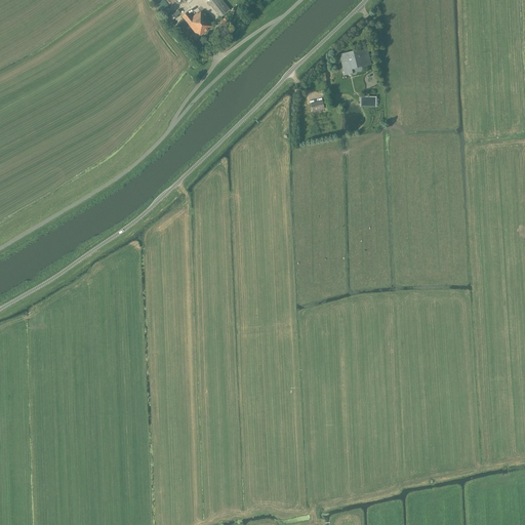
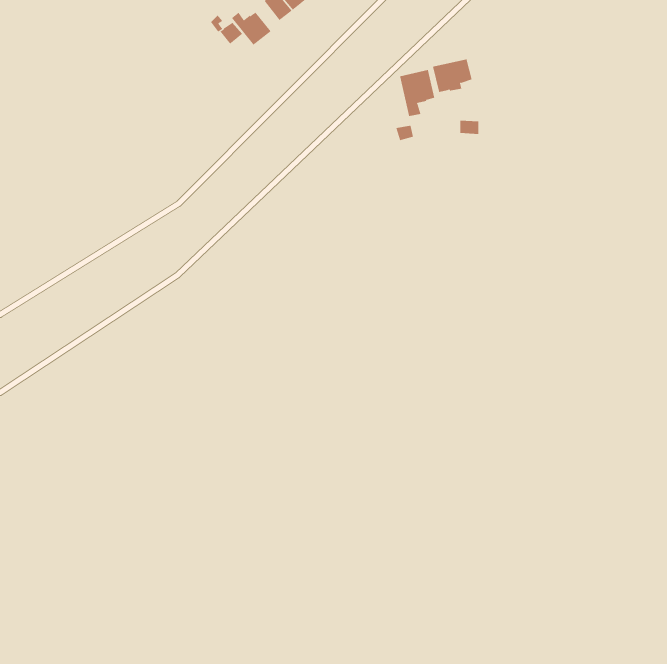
building: none -> [400,69,435,117]

